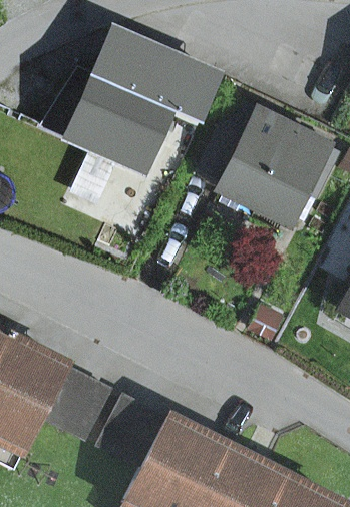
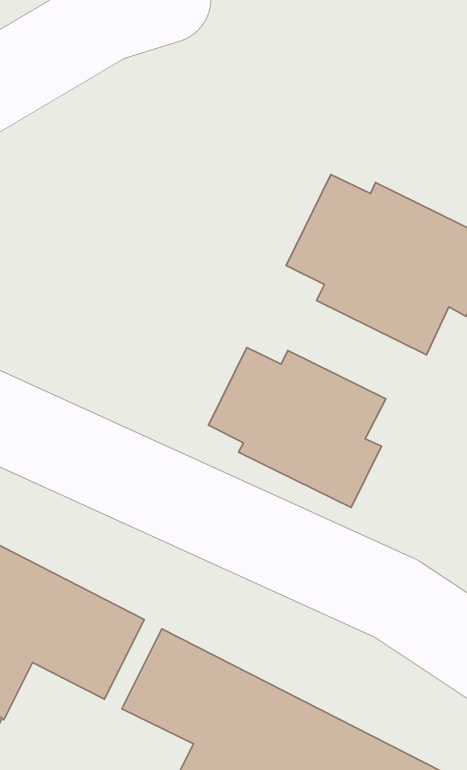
building: [45,64,200,169] -> none
building: none -> [208,348,386,507]

